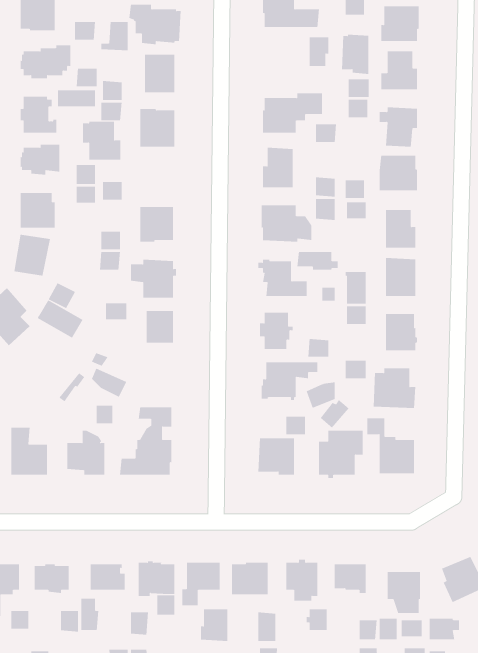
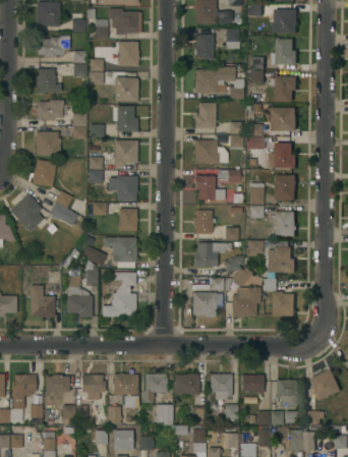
building: [341,34,369,74] -> [194,34,213,60]
building: [82,121,121,160] -> [112,106,137,131]
building: none -> [103,237,136,262]

